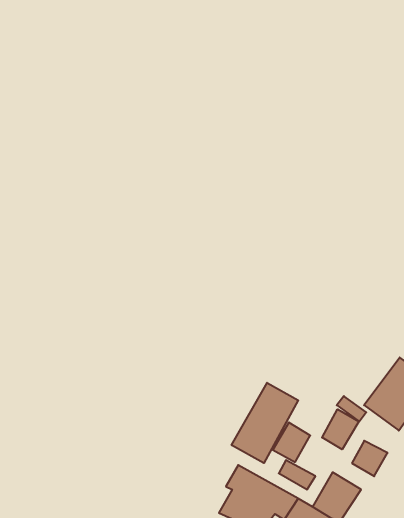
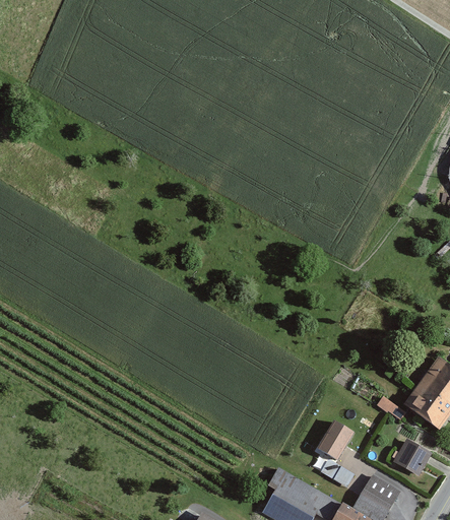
building: [232,383,298,463] -> none
building: [322,409,359,449] -> none

